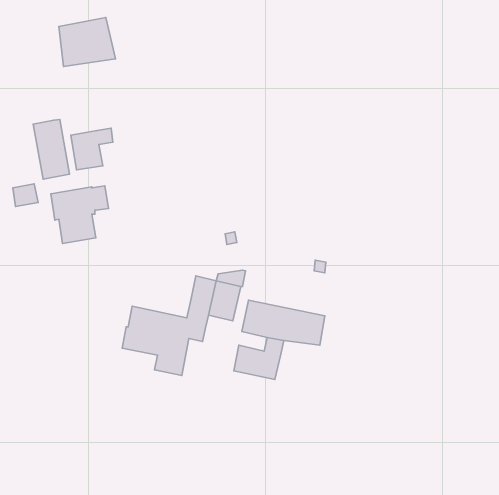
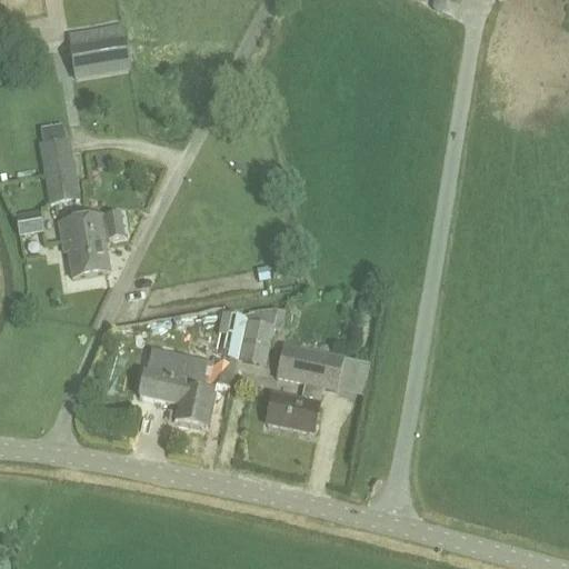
building: [71,128,113,170] -> none

